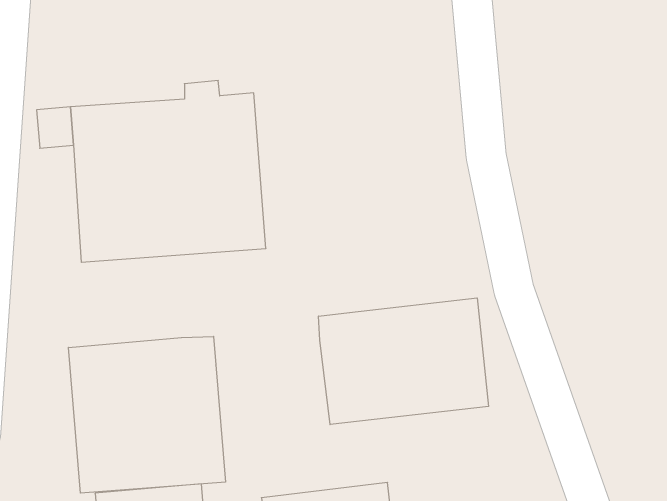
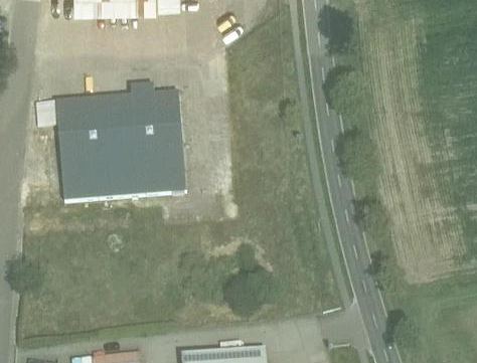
building: [319,298,489,425] -> none
building: [68,336,225,493] -> none

